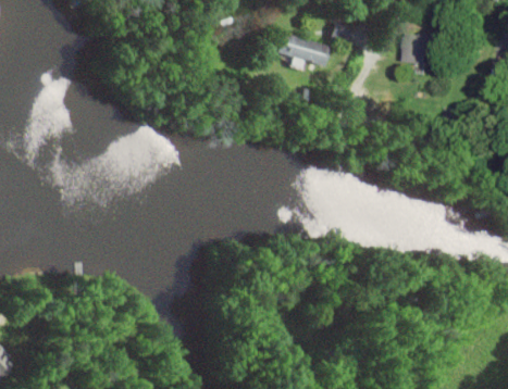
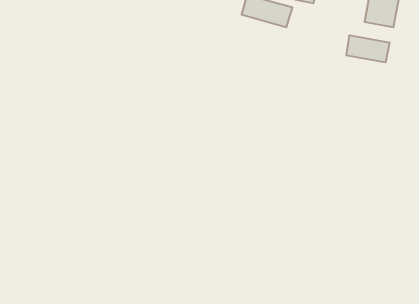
building: none -> [347,35,389,62]

